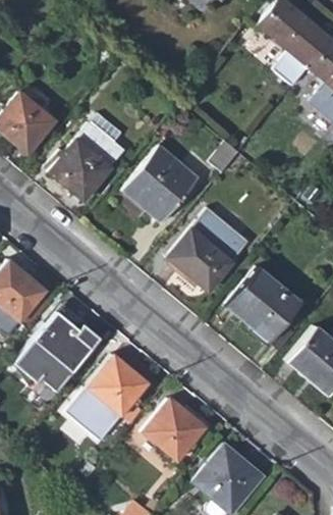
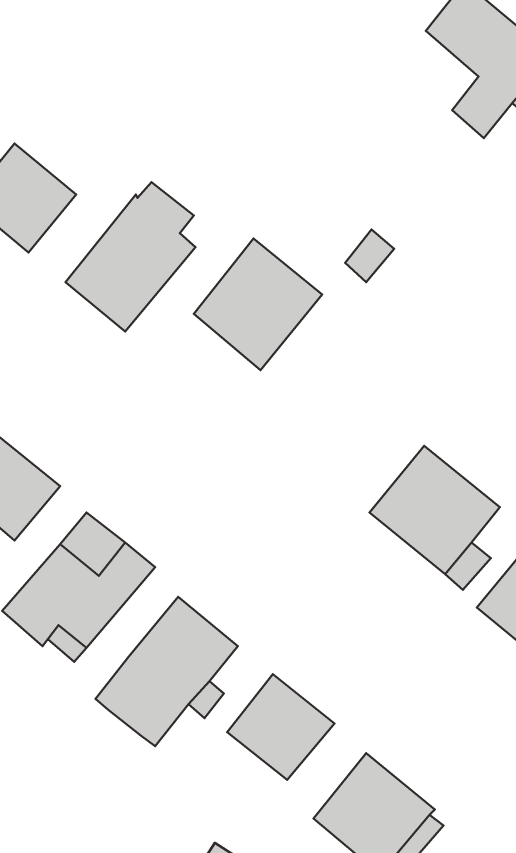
building: [167,208,249,292] -> none

